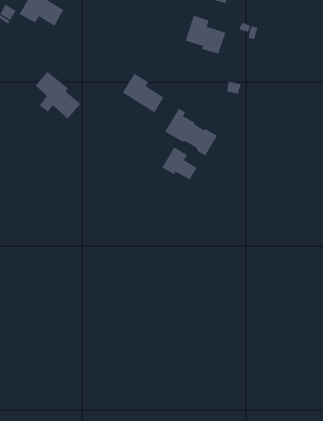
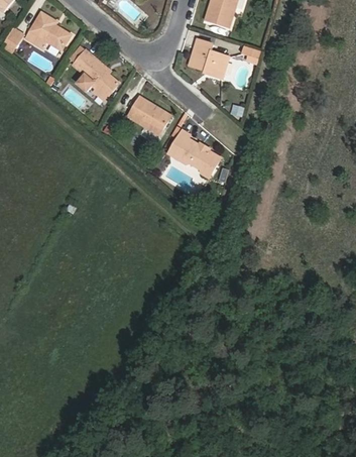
building: [35,71,81,120] -> [73,50,118,98]
building: [161,146,198,180] -> none

